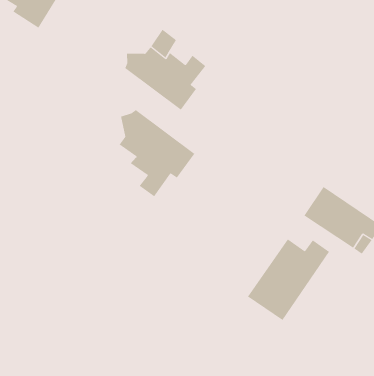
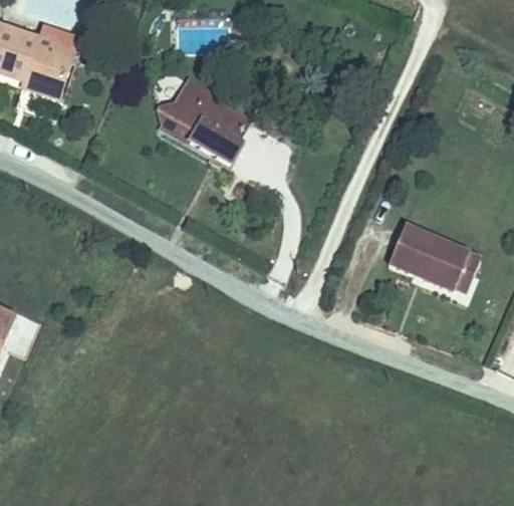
building: [119,109,195,197] -> none
building: [247,239,330,321] -> none

